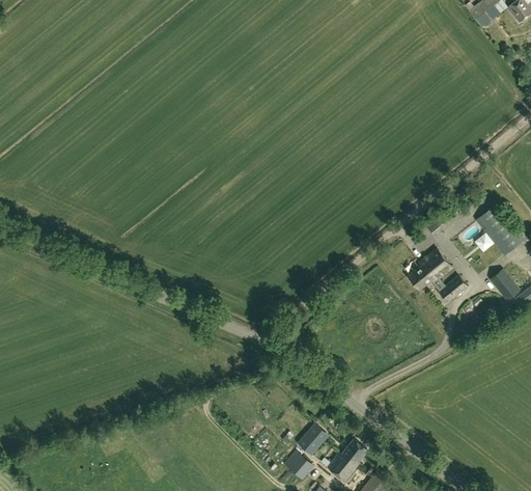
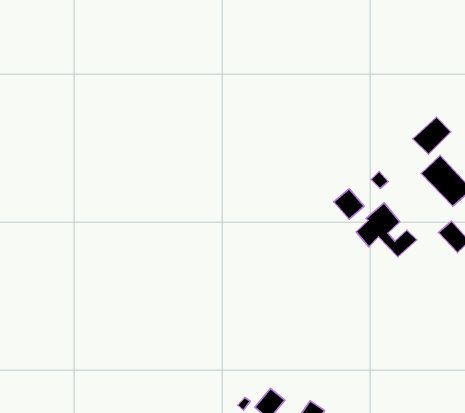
building: none -> [413,117,451,154]
building: none -> [334,189,364,219]

